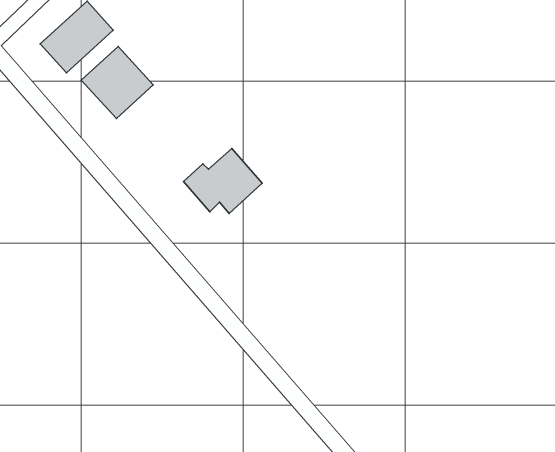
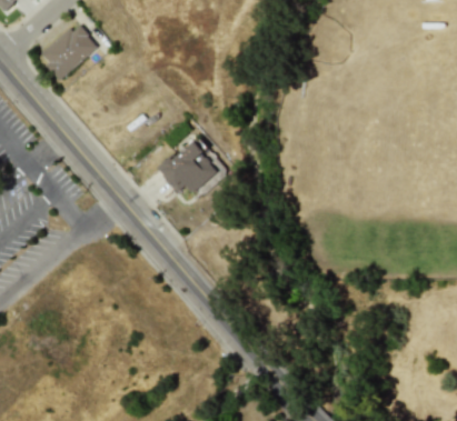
building: [81,46,153,119] -> none

